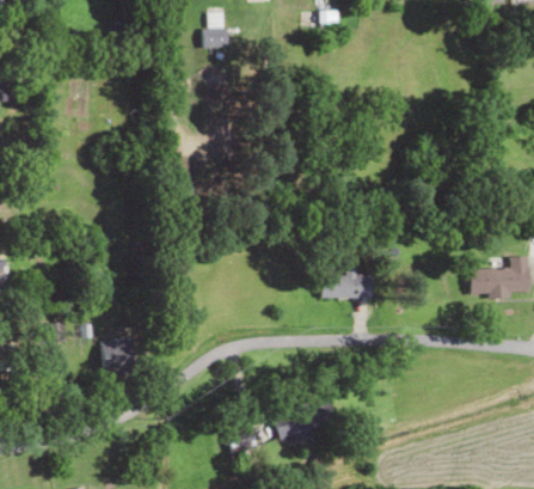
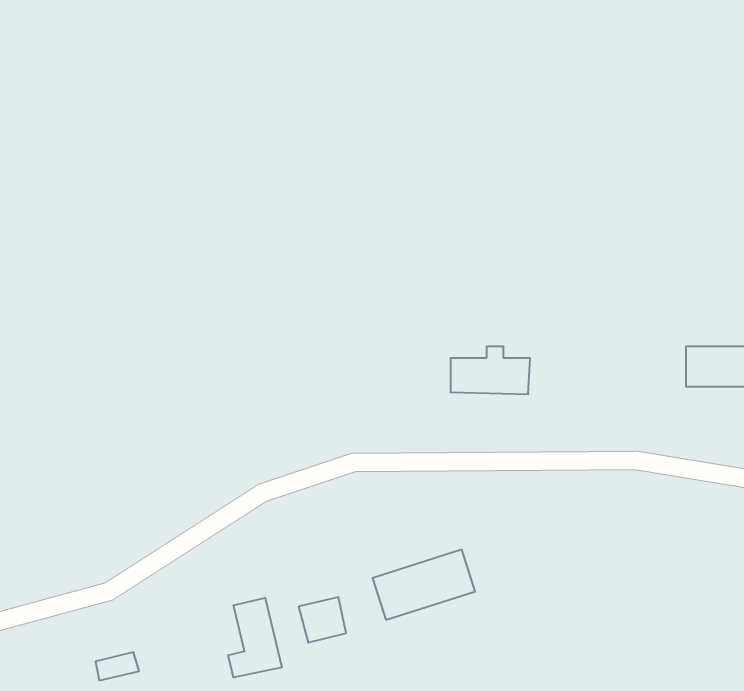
building: [102,341,134,378] -> none
building: none -> [228,598,282,678]

